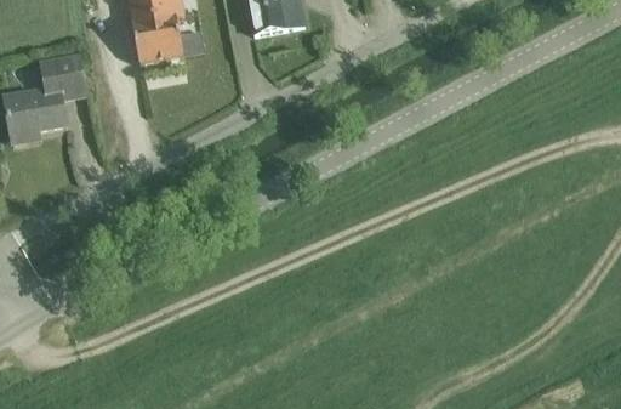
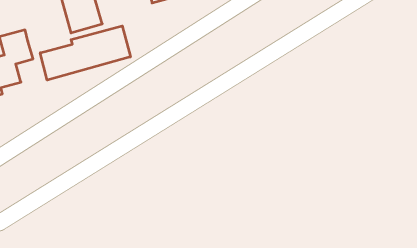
building: none -> [40,26,130,80]

